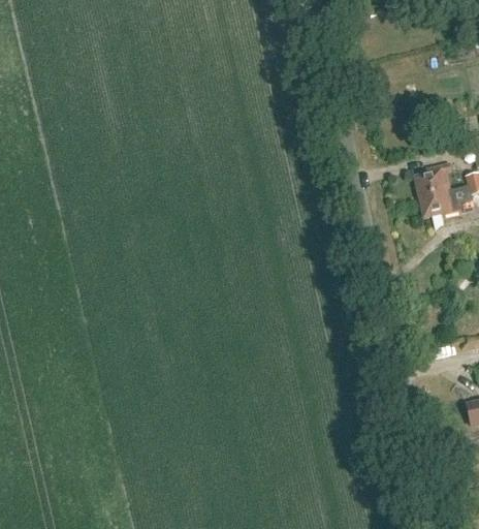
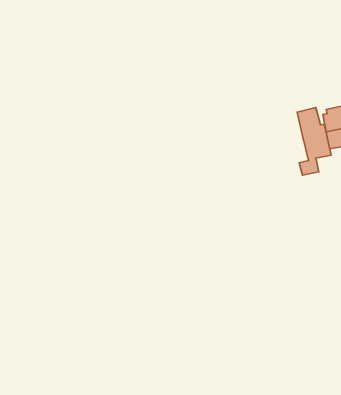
building: none -> [297,108,331,175]

